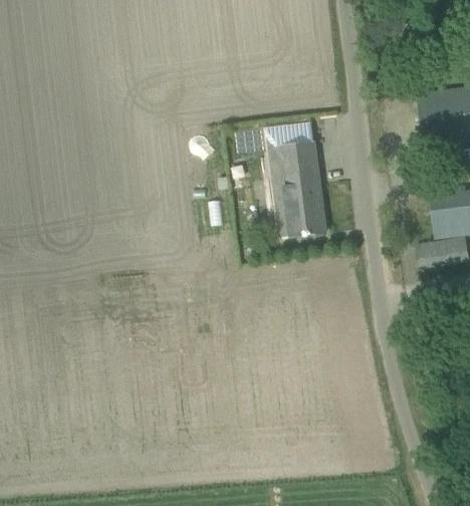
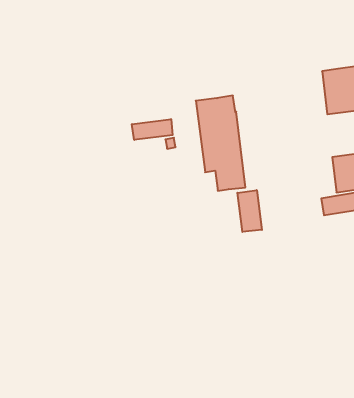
building: none -> [132,119,173,140]
building: none -> [237,190,262,232]

